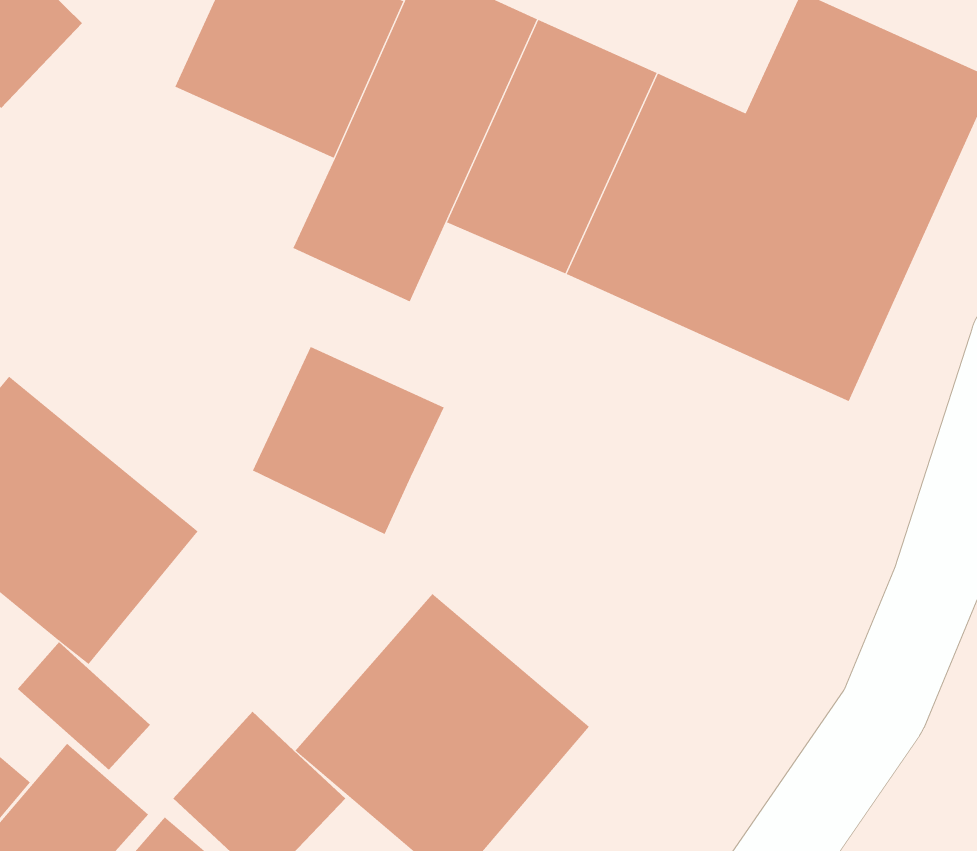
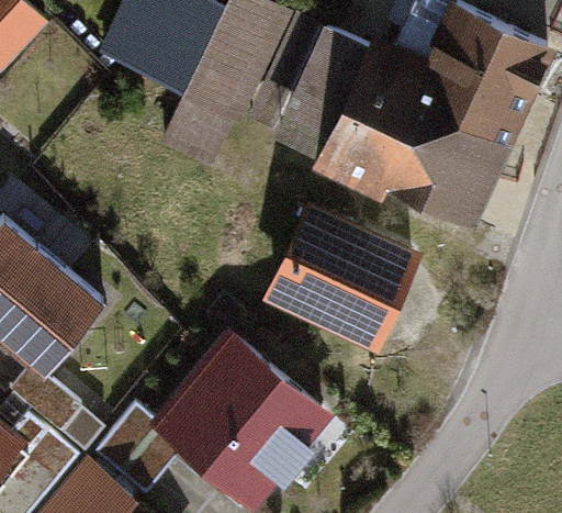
building: none -> [266,194,424,345]
building: [252,346,444,535] -> none

